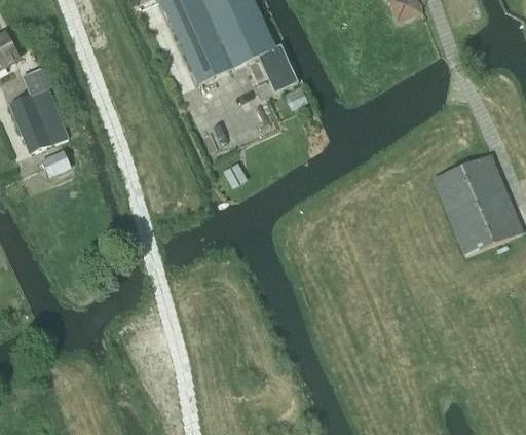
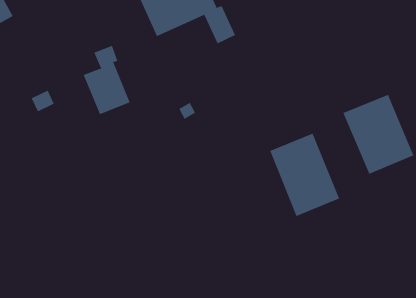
building: [9,64,69,151] -> [83,45,131,115]
building: none -> [269,133,340,217]

